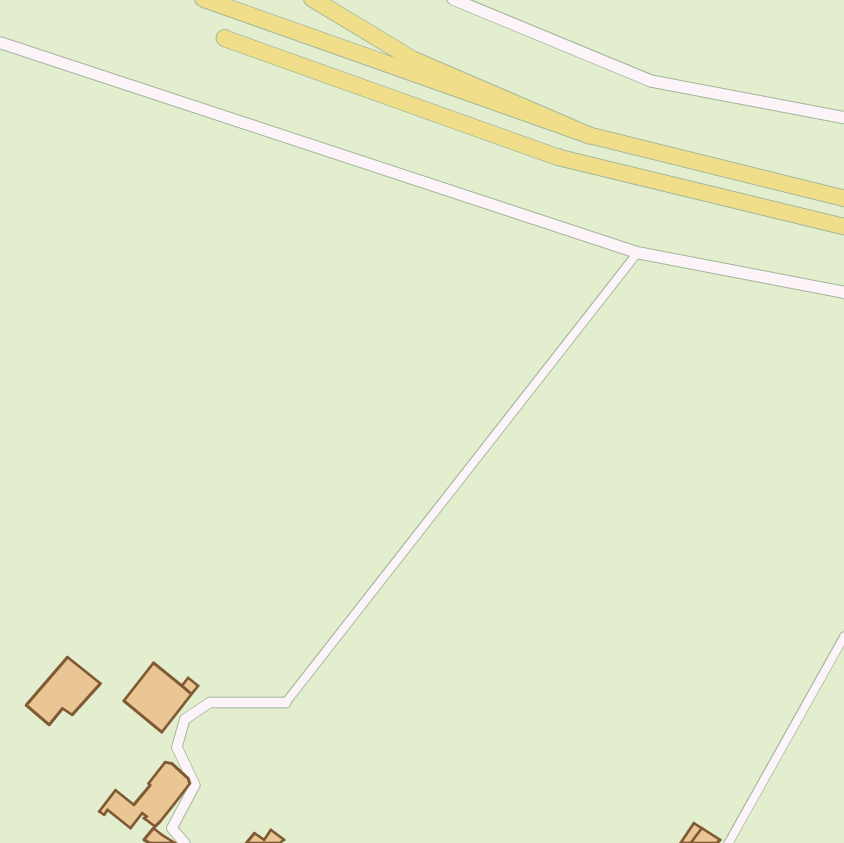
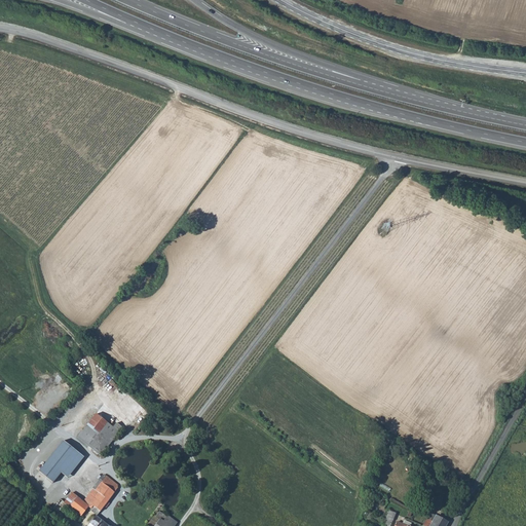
building: [26,657,100,725] -> [38,441,84,483]

